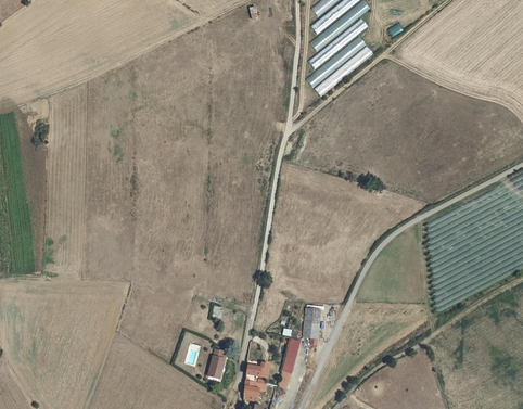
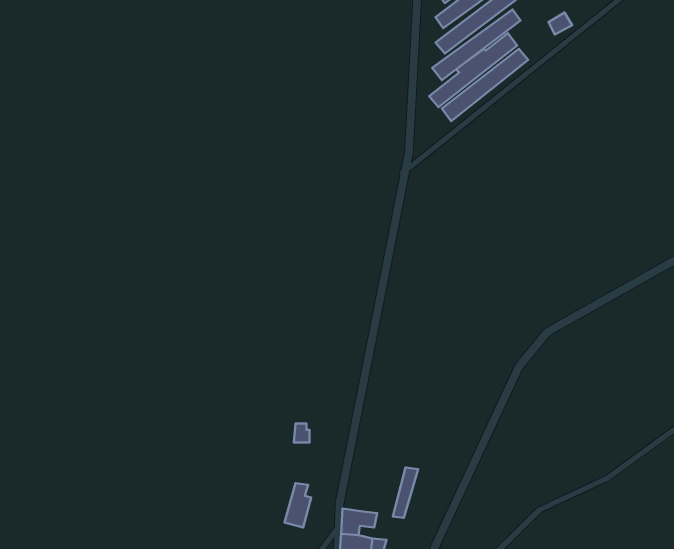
building: [304,306,320,335] -> none

